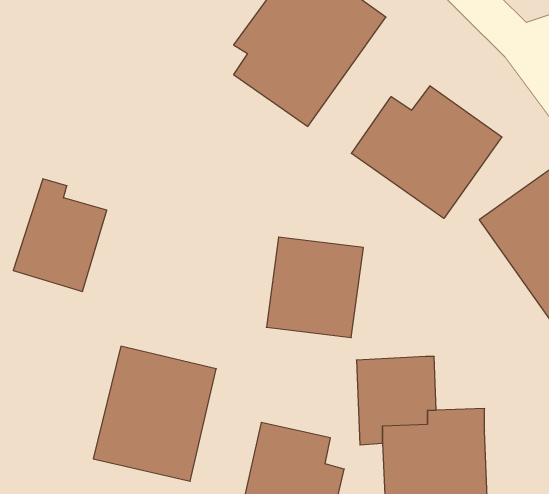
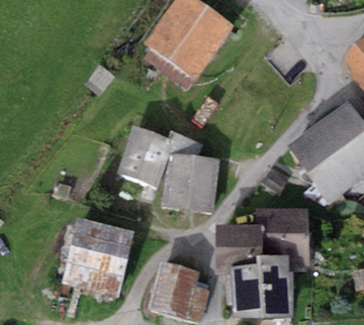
building: [351,86,502,218] -> none
building: [13,179,107,291] -> [117,121,172,187]
building: none -> [256,207,310,267]

